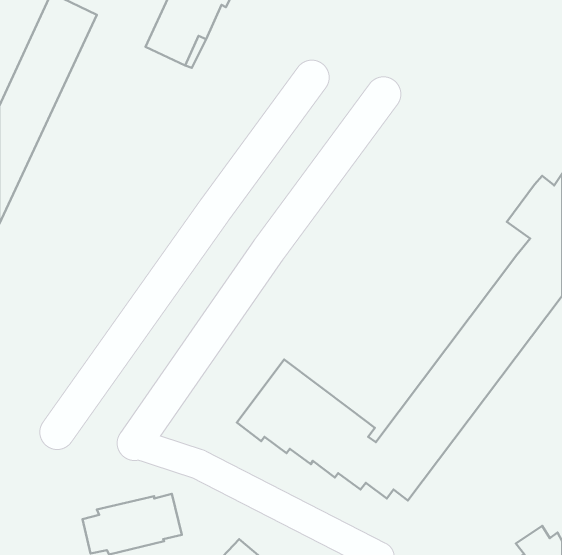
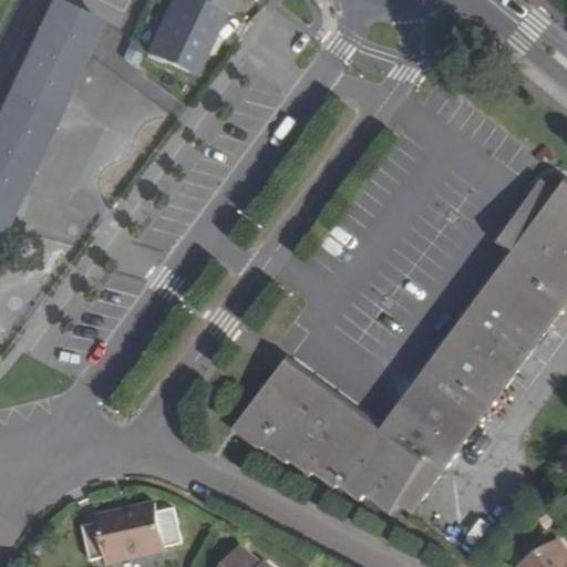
building: none -> [286,229,533,451]

